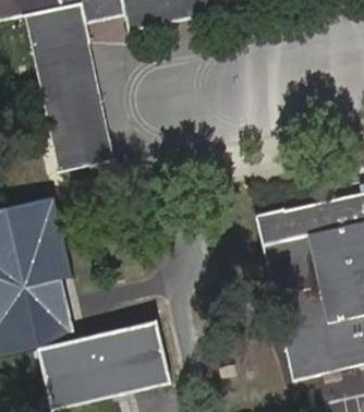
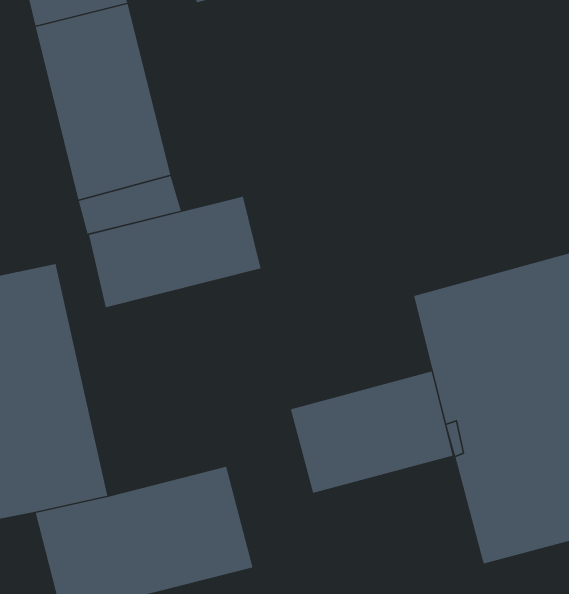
building: none -> [88,196,262,308]
building: none -> [290,371,453,494]

